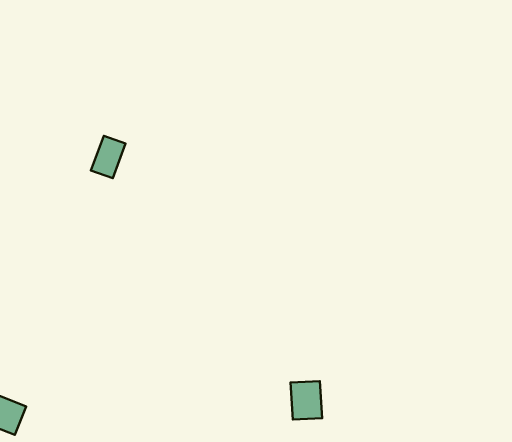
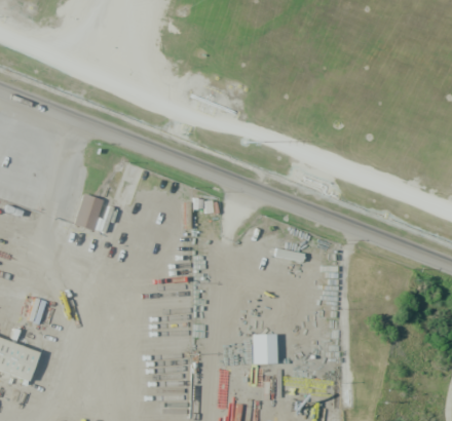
building: [91,136,125,178] -> [75,195,103,229]

